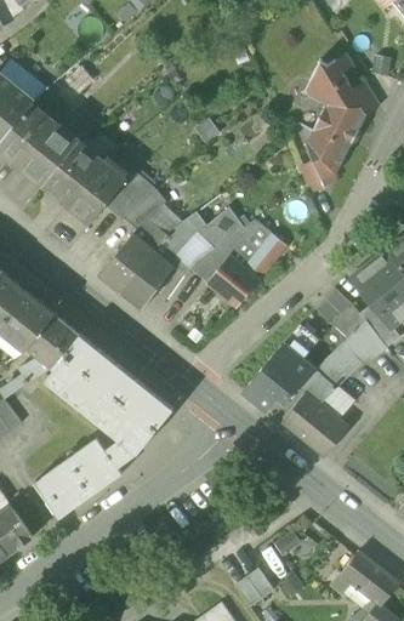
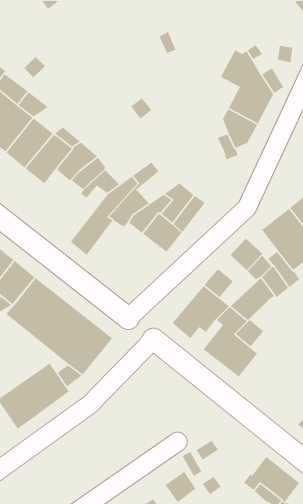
building: [203,207,244,245] -> none
building: [99,226,166,292] -> none

